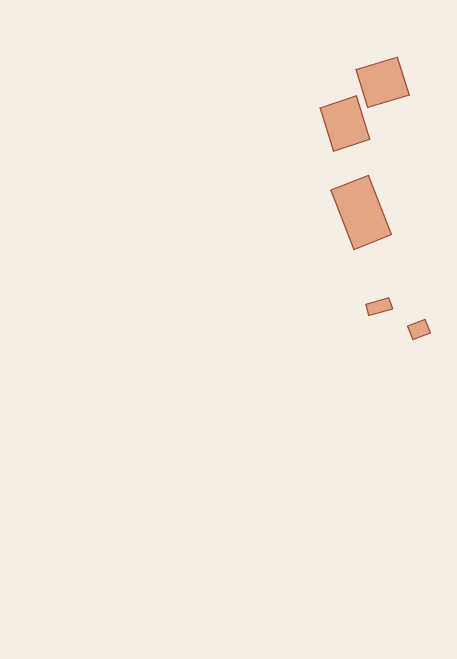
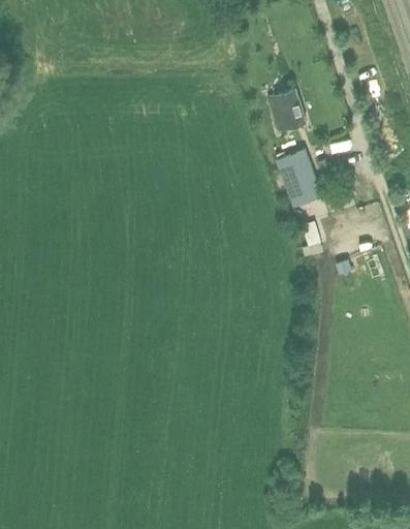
building: [356,57,409,108] -> none

